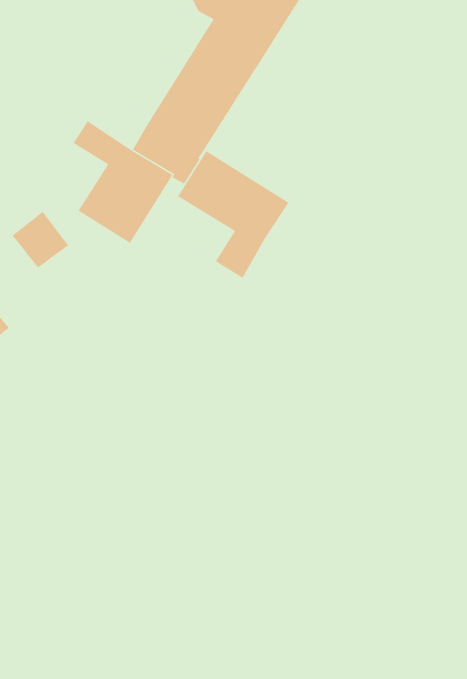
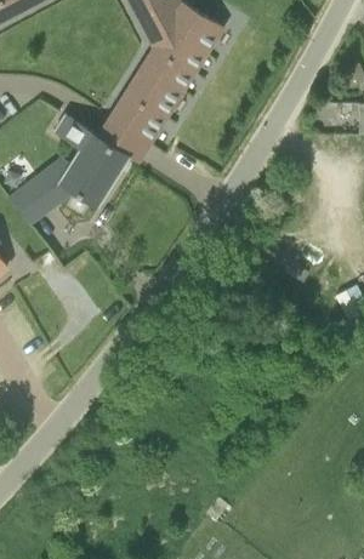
building: [177,150,290,279] -> none

